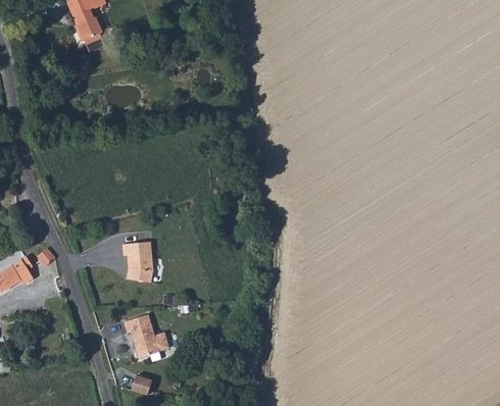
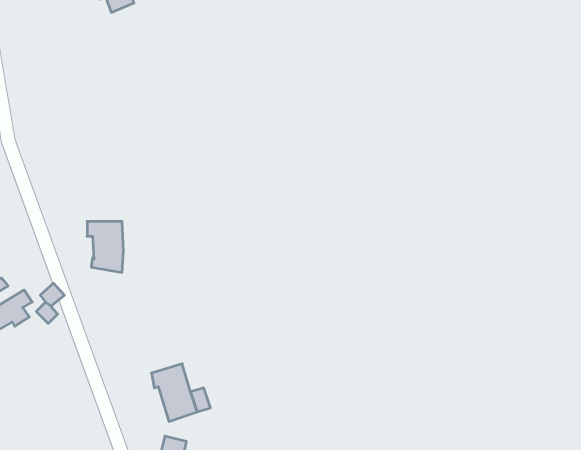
building: [123,246,151,285] -> [87,221,123,272]

